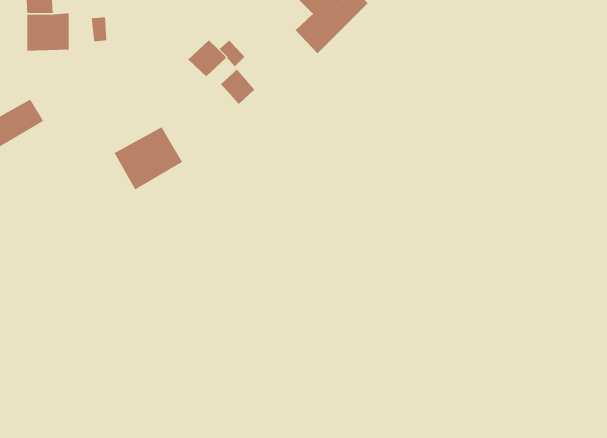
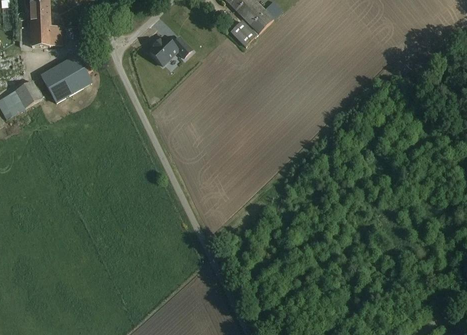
building: [220,68,255,104] -> none
building: [113,126,183,190] -> [40,55,92,103]

